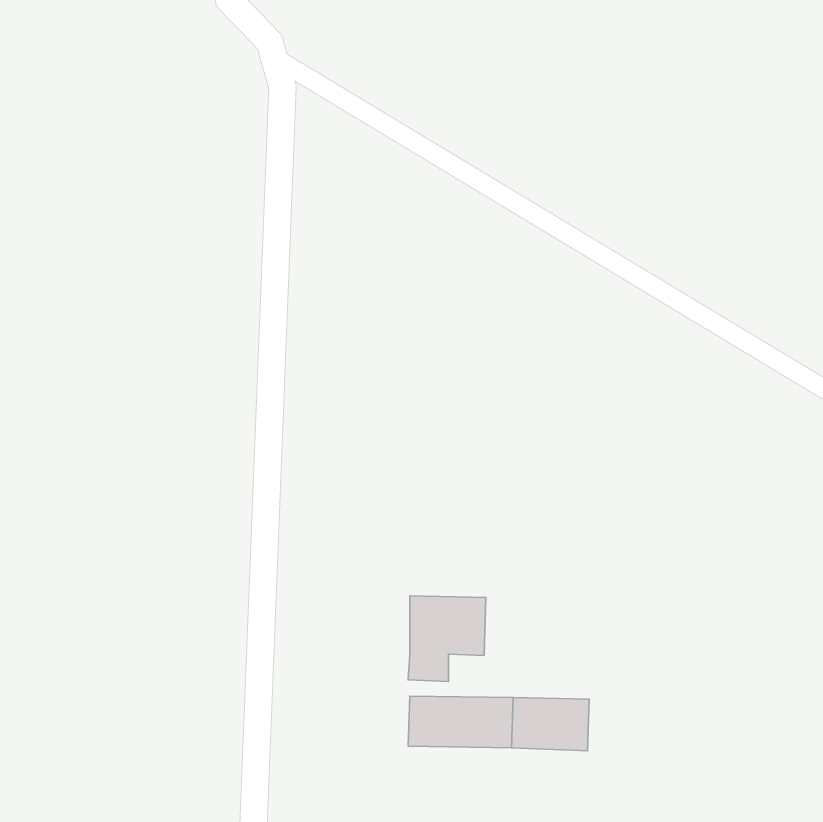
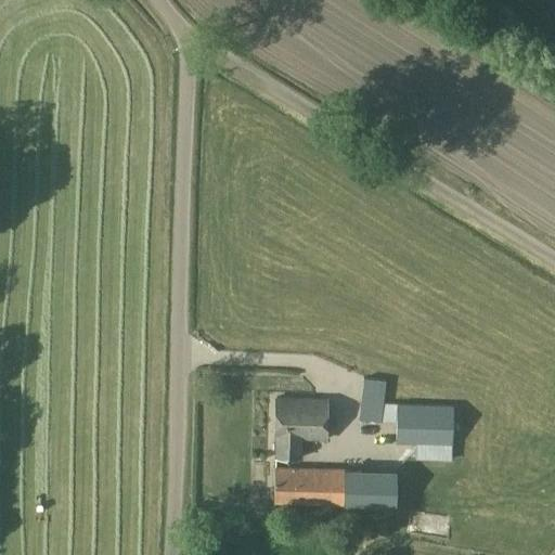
building: none -> [361,382,387,415]
building: none -> [397,408,454,448]

